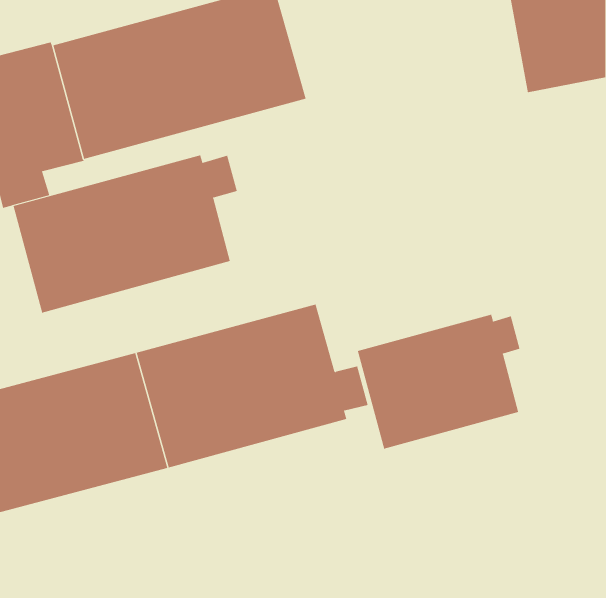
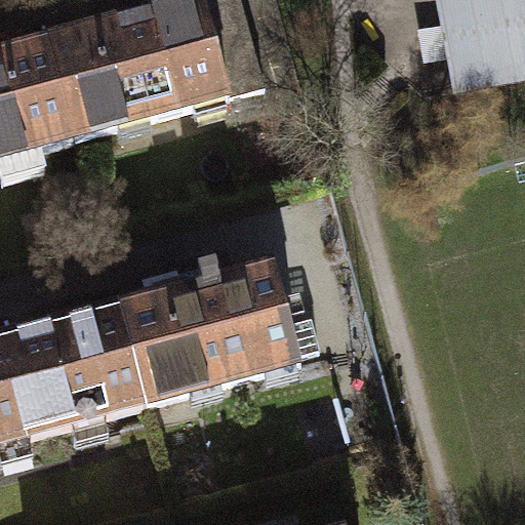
building: [13,154,237,313] -> none
building: [357,314,520,450] -> none

